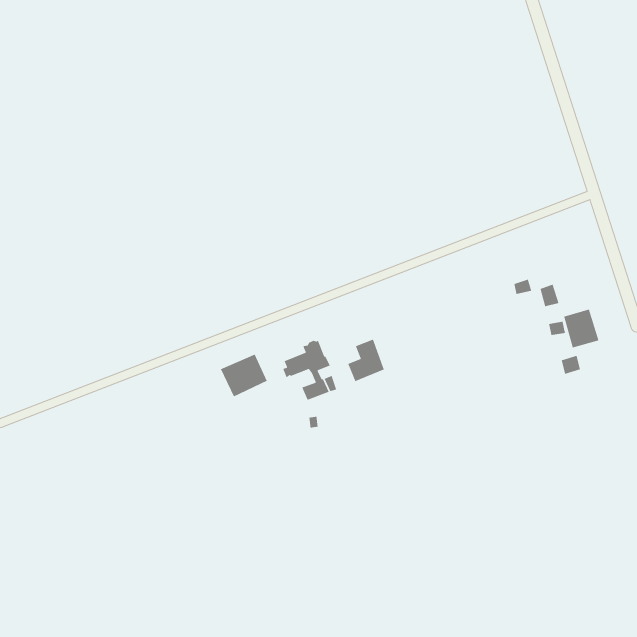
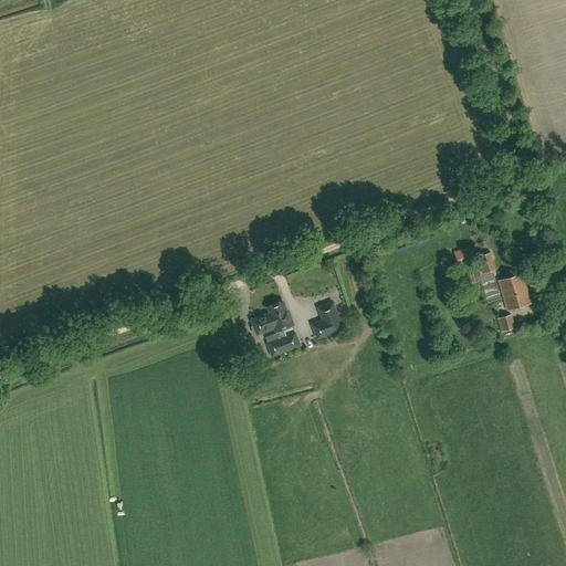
building: [220,353,268,397] -> none

